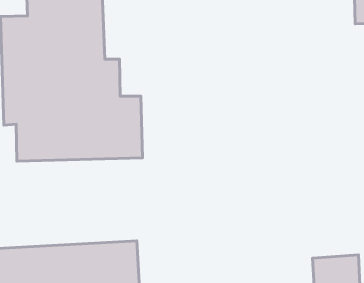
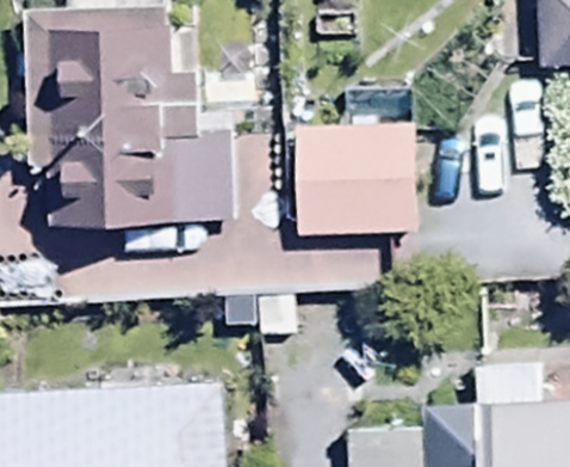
building: none -> [291,98,414,211]

